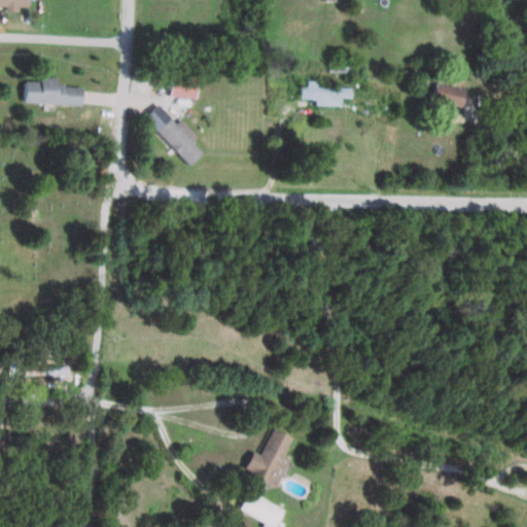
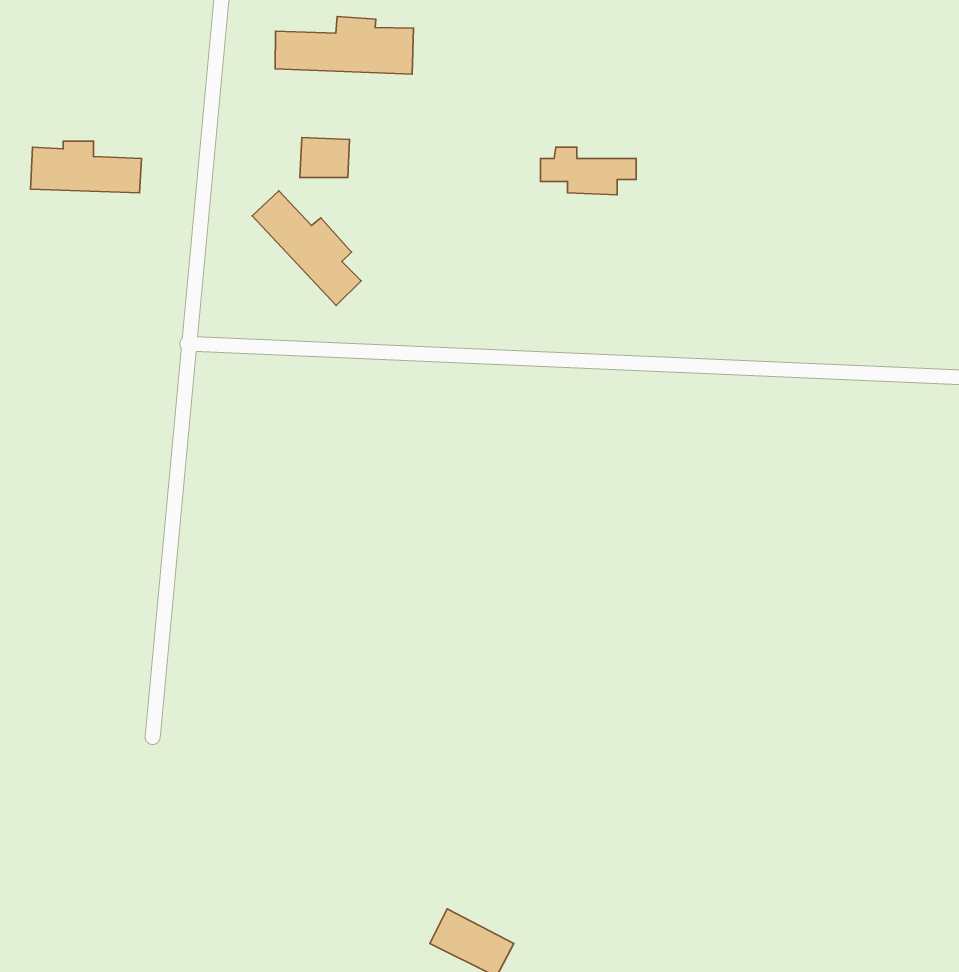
building: none -> [275,16,414,74]
building: [434,83,468,108] -> none
building: [245,429,294,488] -> none

